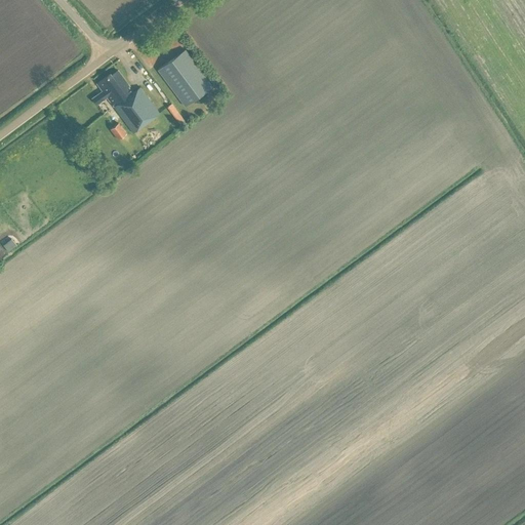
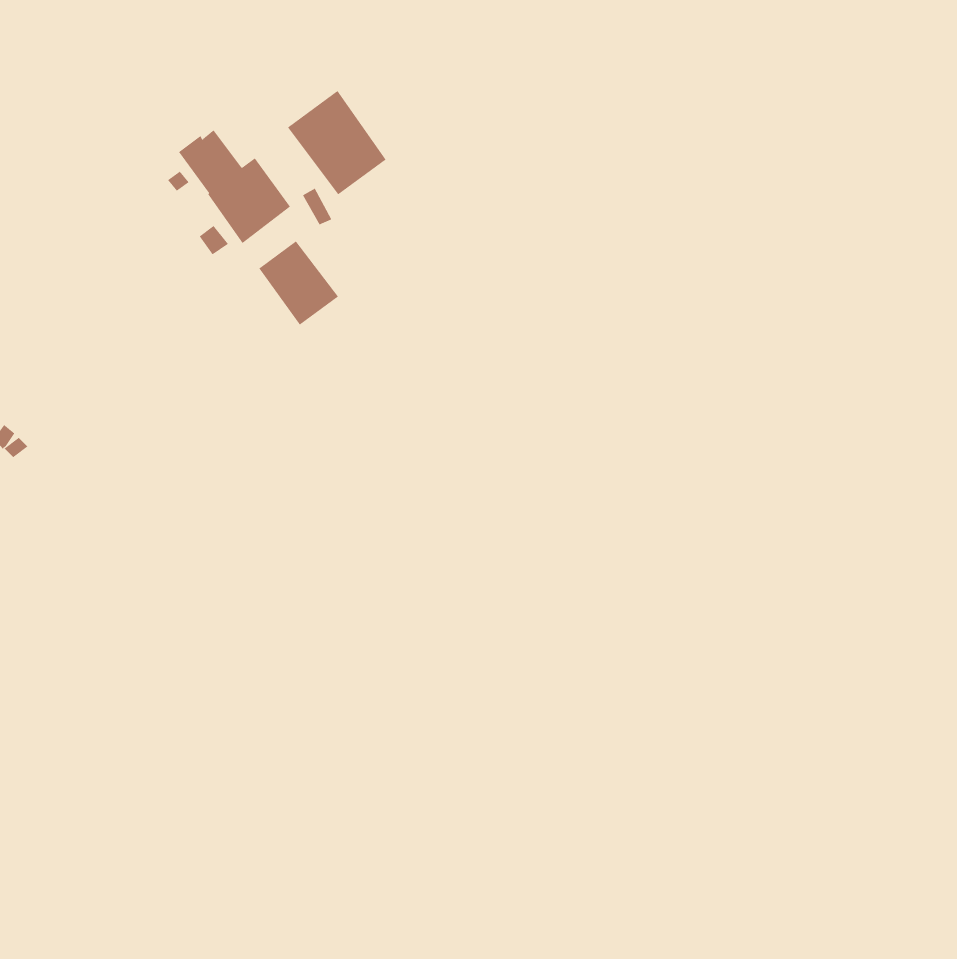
building: none -> [259,241,339,325]

